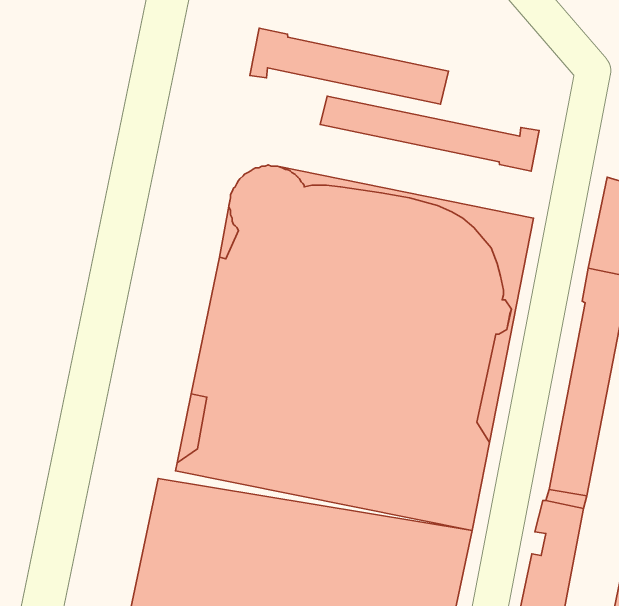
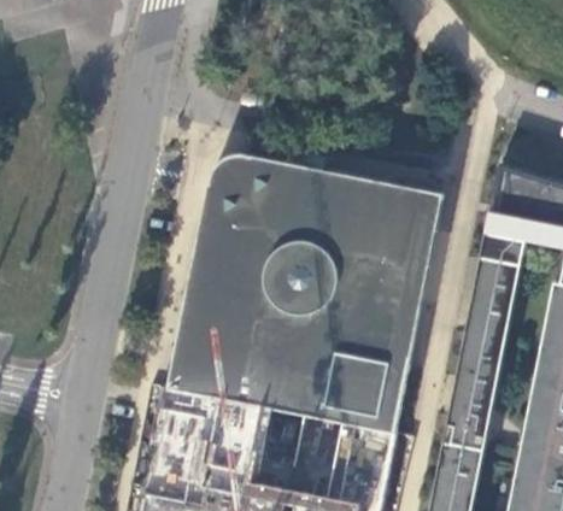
building: [250,28,448,104] -> none
building: [320,96,539,171] -> none

